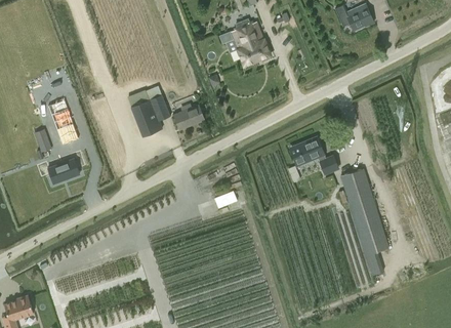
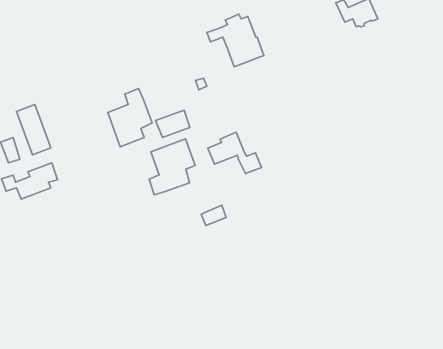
building: none -> [149,139,195,195]
building: [291,136,339,173] -> [208,132,261,173]
building: [339,168,388,275] -> none

